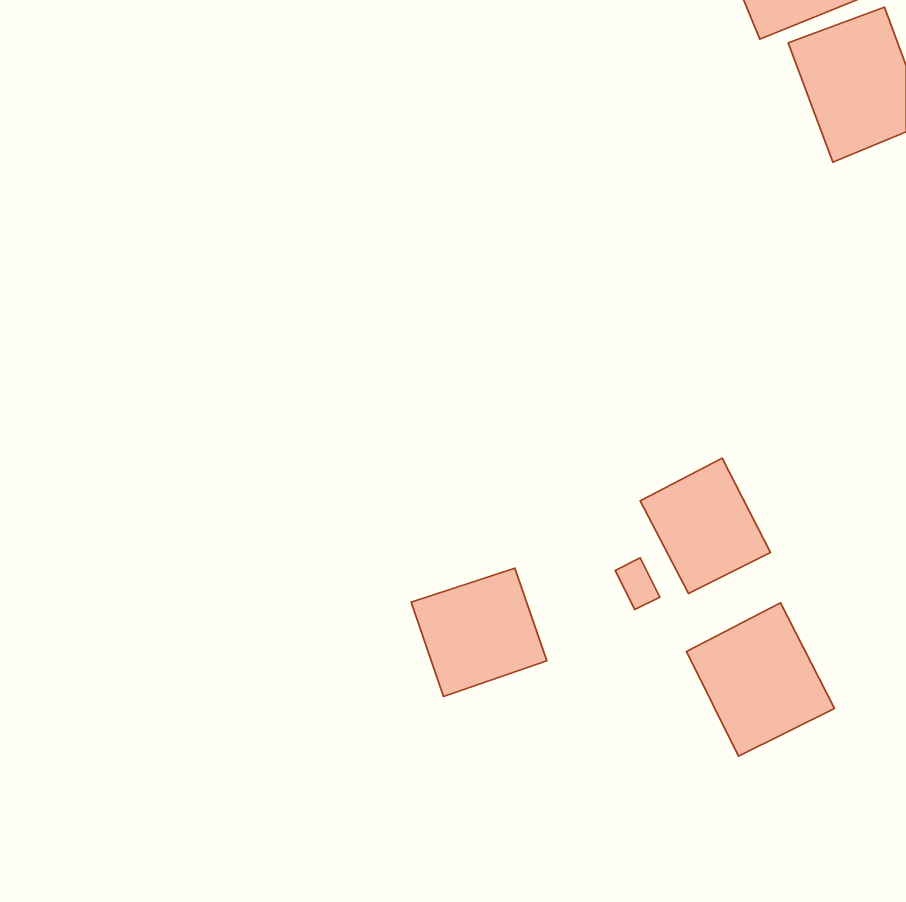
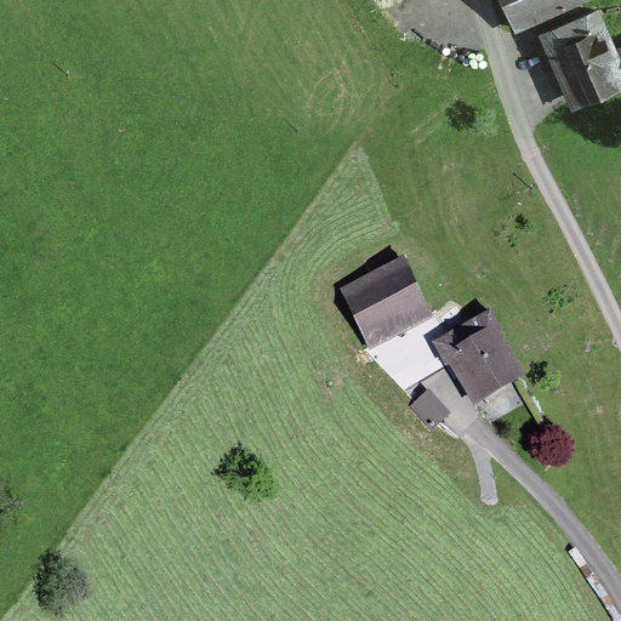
building: [411,568,547,697] -> [341,262,433,349]
building: [686,603,834,756] -> none

